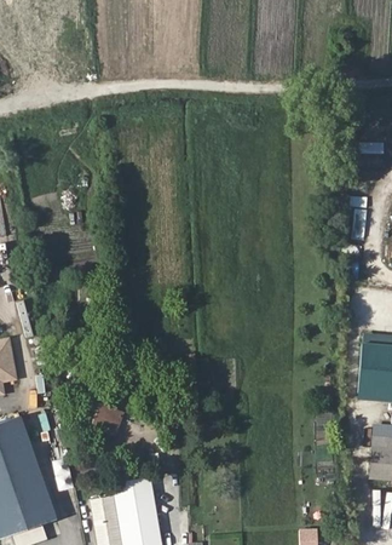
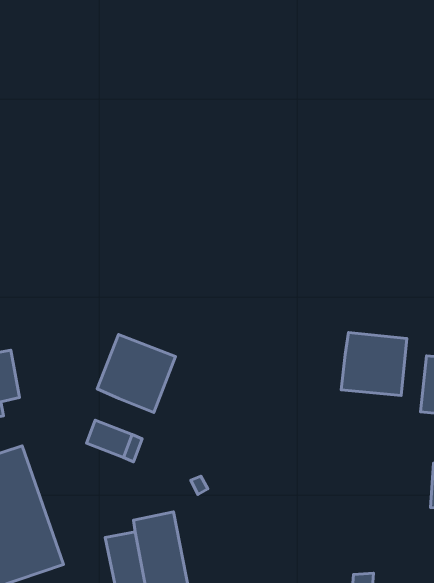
building: none -> [341,332,407,396]
building: none -> [97,334,175,412]

